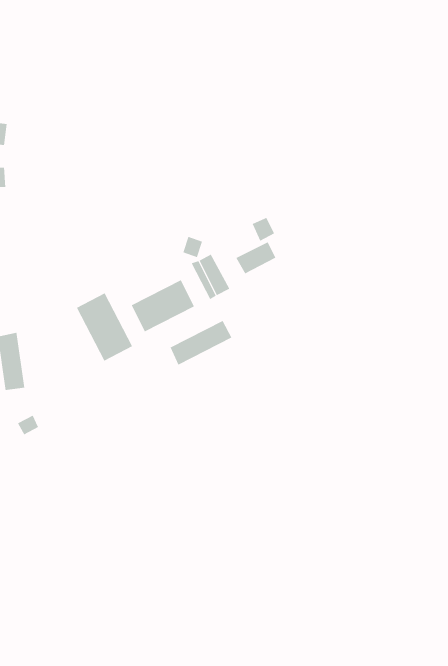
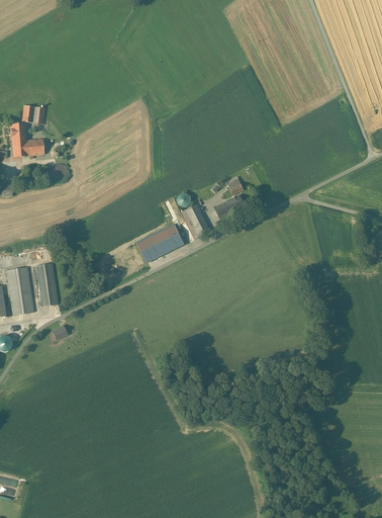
building: [76,292,133,362] -> none
building: [170,320,232,366] -> none

